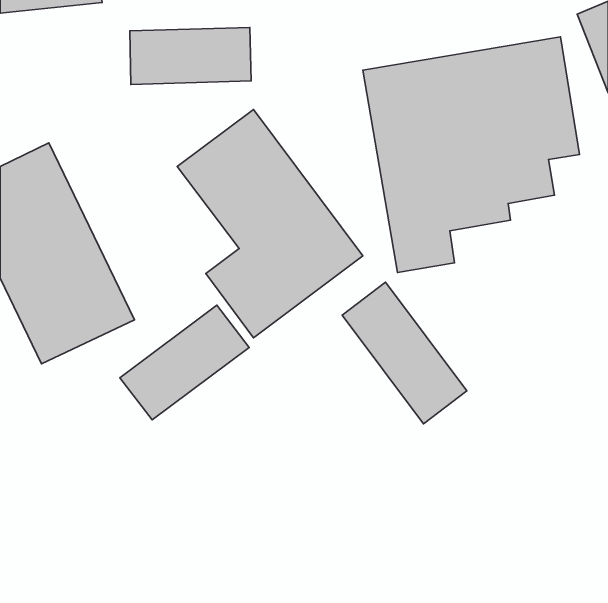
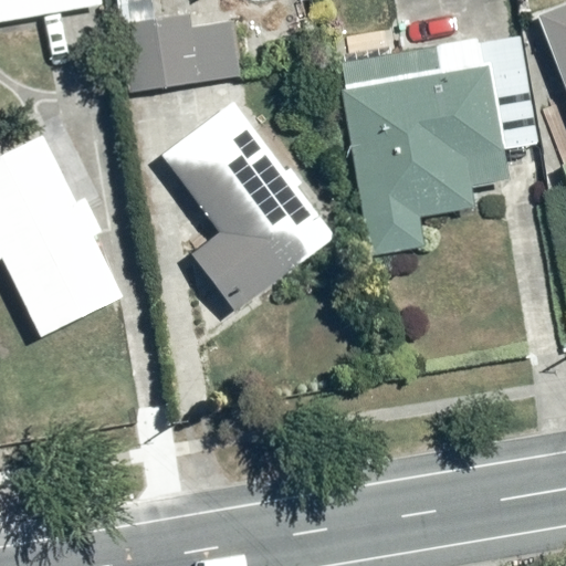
building: [342,282,467,424] -> none
building: [120,305,249,420] -> none

